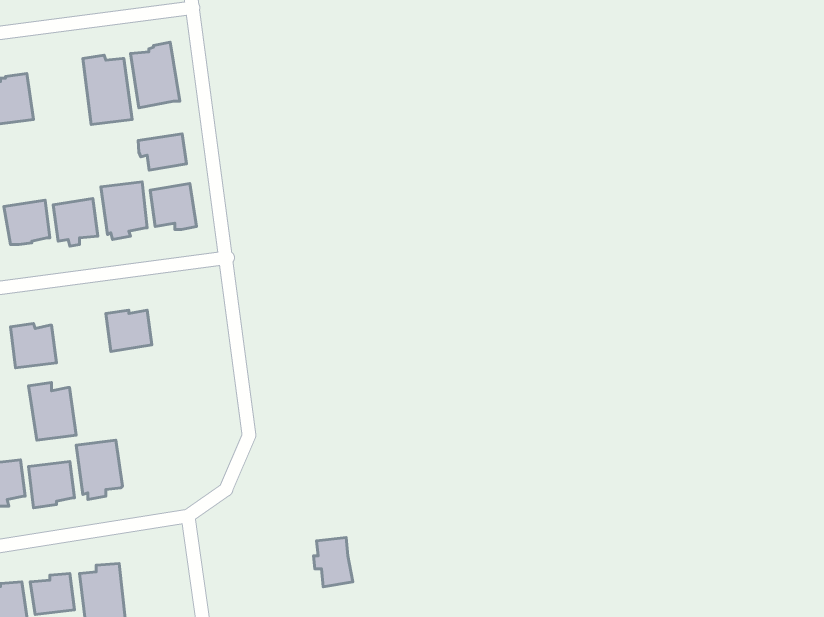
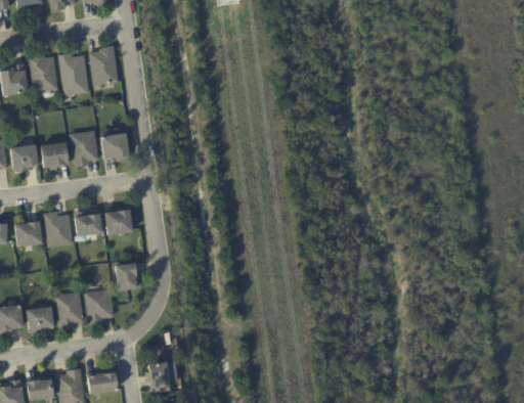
building: none -> [29,53,58,92]
building: [138,134,186,170] -> none
building: none -> [103,207,132,235]
building: [28,383,76,440] -> [43,211,73,247]
building: none -> [115,262,140,289]
building: none -> [84,288,114,323]
building: [313,538,353,587] -> [145,361,170,392]
building: none -> [86,369,117,394]

